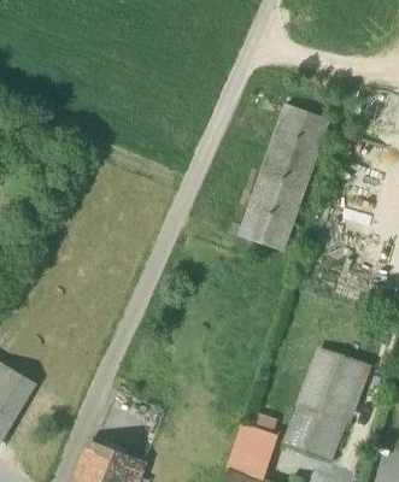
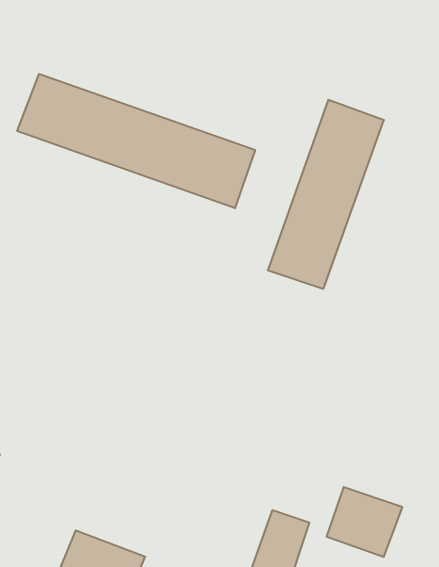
building: none -> [17,74,255,208]
building: [299,349,364,422] -> none

